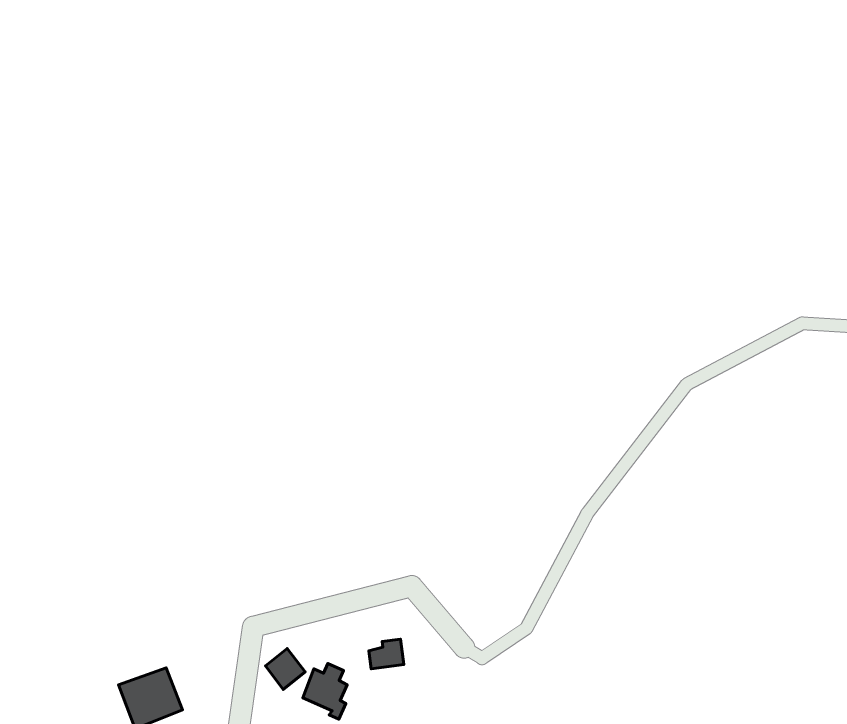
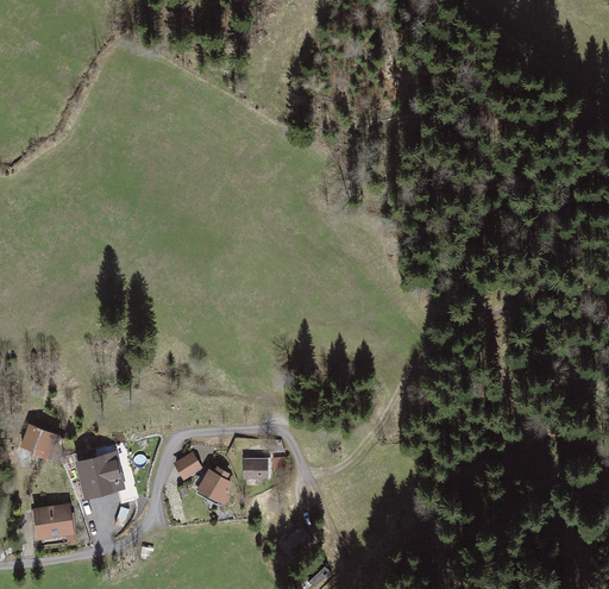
building: none -> [21,421,59,457]

